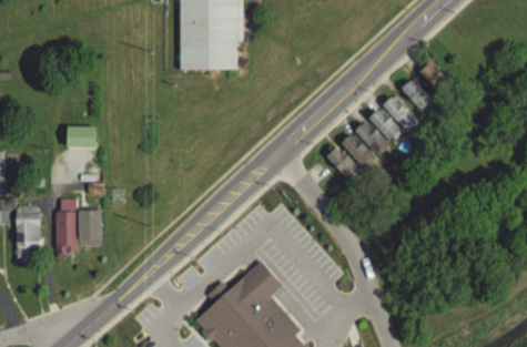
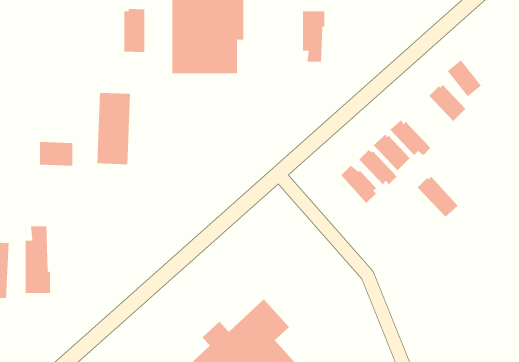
building: none -> [124,8,145,53]
building: none -> [302,11,325,62]
building: none -> [97,92,130,165]
building: [382,94,417,130] -> [417,176,458,218]
building: [79,210,102,246] -> none

